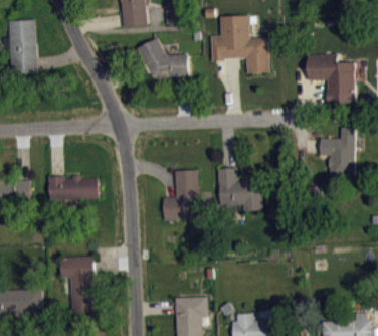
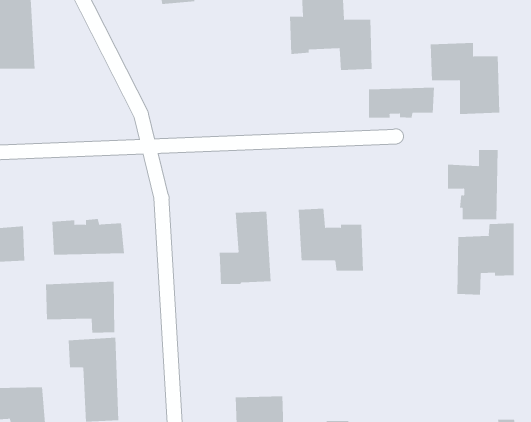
building: [136,37,188,76] -> none
building: none -> [368,87,434,119]
building: none -> [457,223,514,295]
building: none -> [46,281,115,333]

